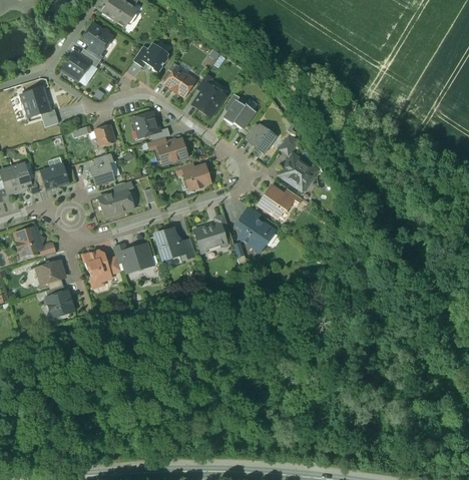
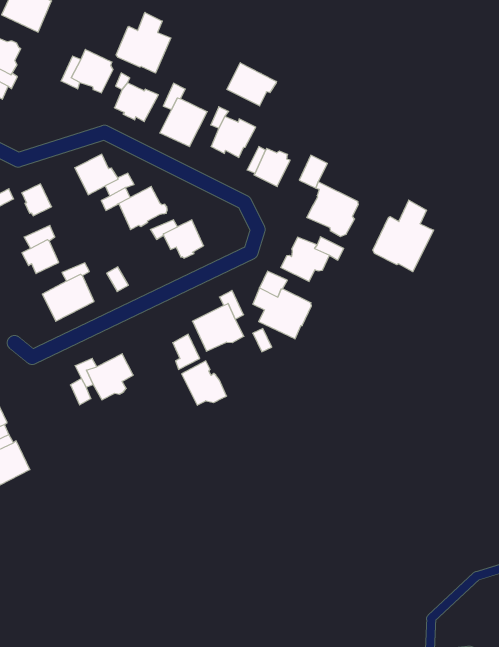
building: none -> [116,12,171,73]
building: none -> [227,63,276,106]
building: none -> [373,200,434,272]
building: [155,228,182,257] -> [182,361,227,405]
building: [82,252,108,286] -> none

